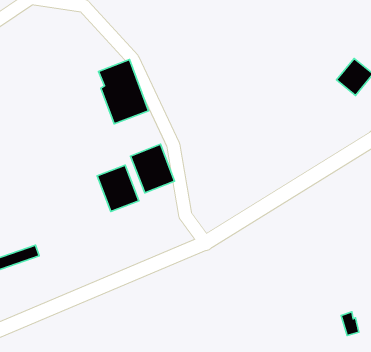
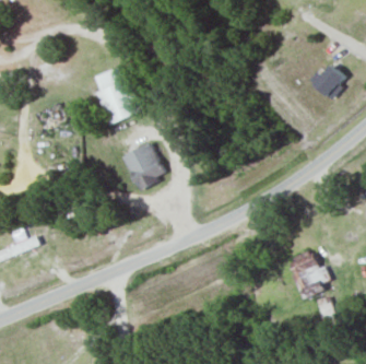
building: [97,165,139,212] -> none
building: none -> [287,248,331,294]

